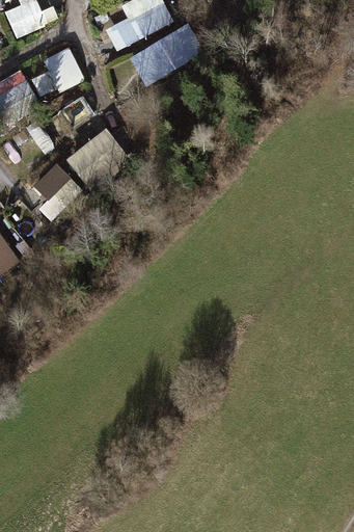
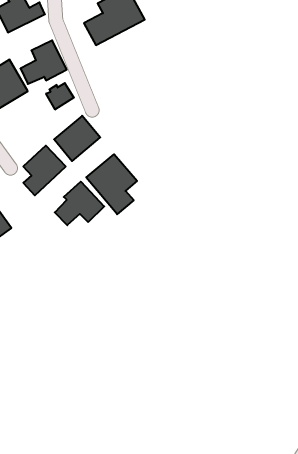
building: [131,32,188,78] -> none
building: none -> [86,154,137,214]
building: none -> [55,182,104,225]

